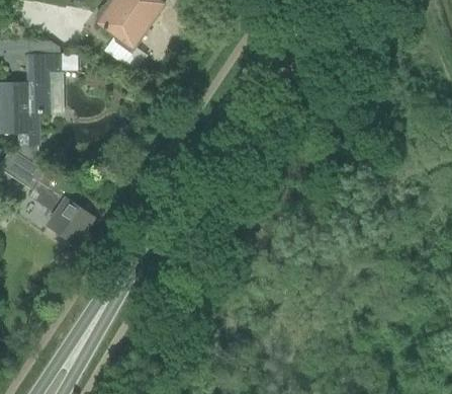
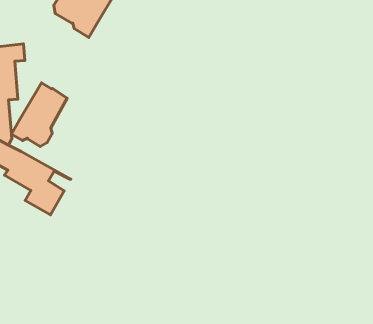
building: none -> [11,83,67,146]

